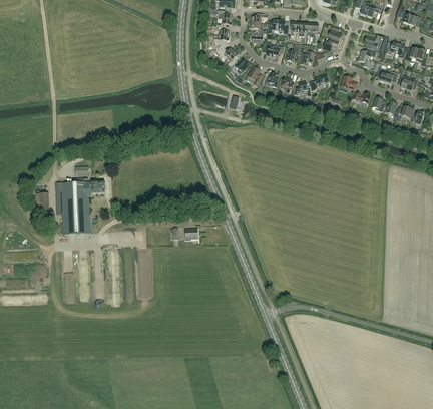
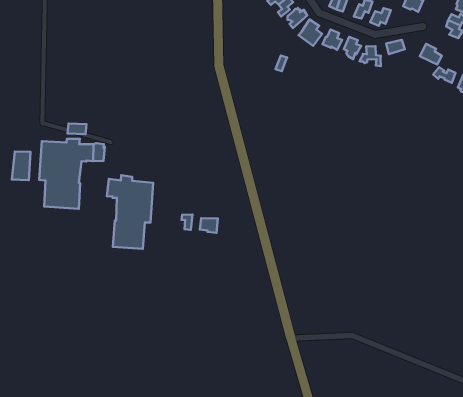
building: none -> [107,175,153,249]

